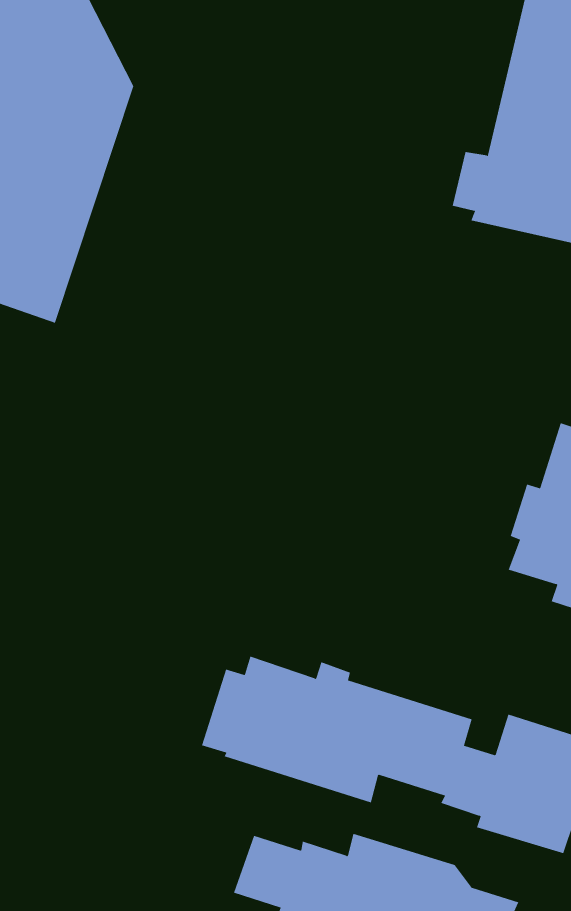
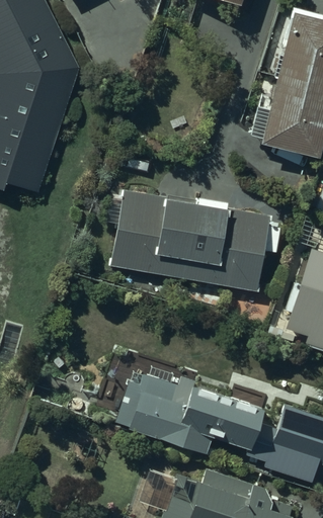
building: none -> [108,190,280,293]

